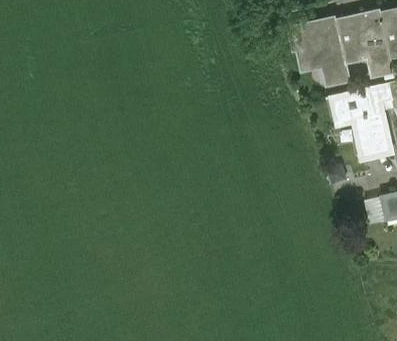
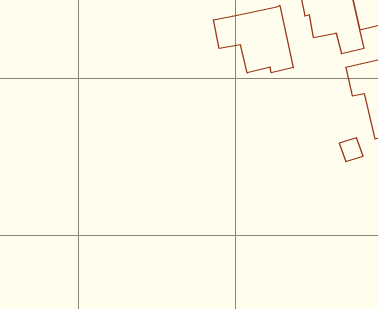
building: none -> [213,5,293,73]

